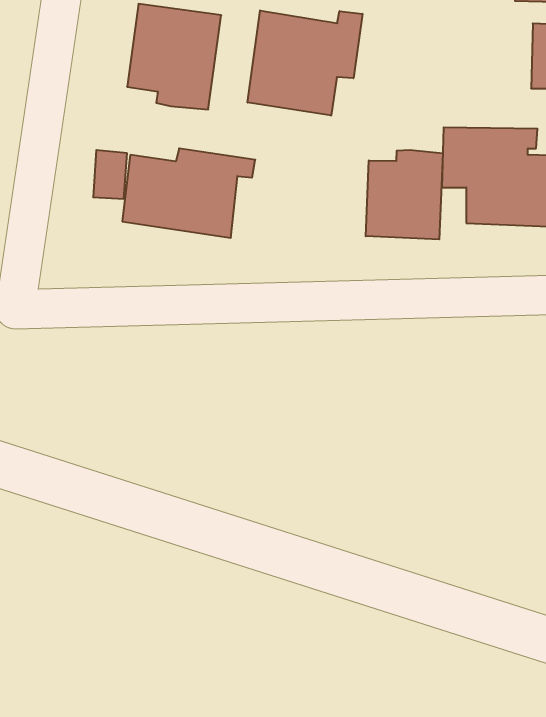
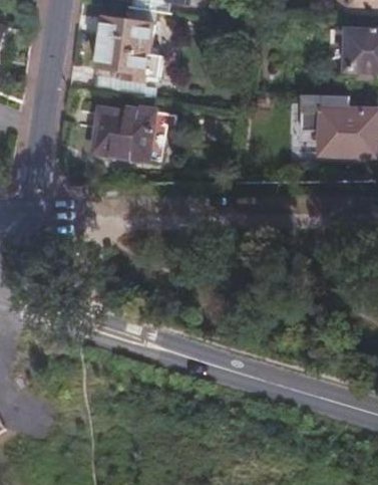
building: [248,10,362,116] -> none
building: [366,150,443,239] -> none

